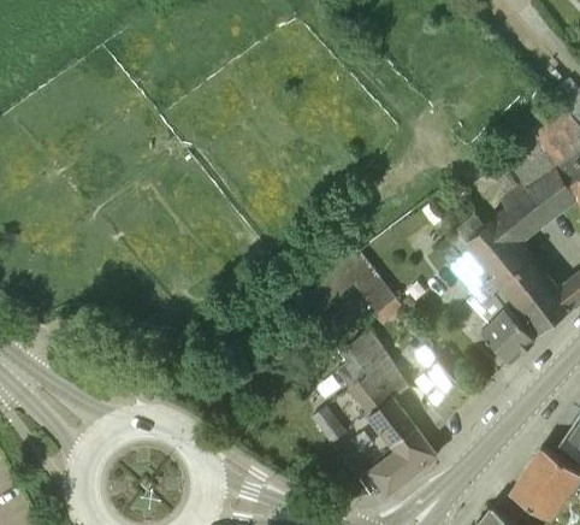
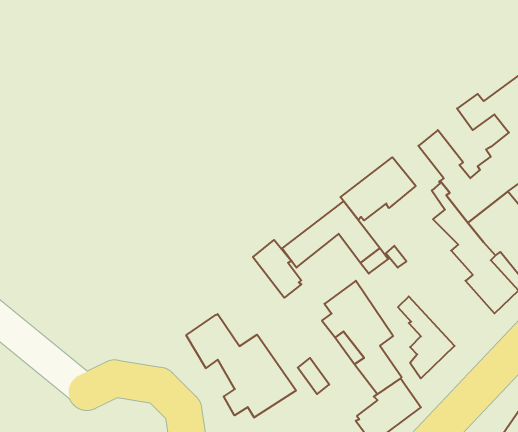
building: none -> [340,157,416,220]
building: none -> [253,240,301,298]
building: none -> [186,314,296,418]

